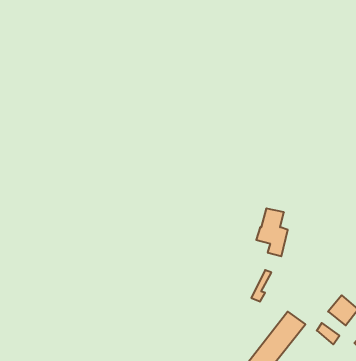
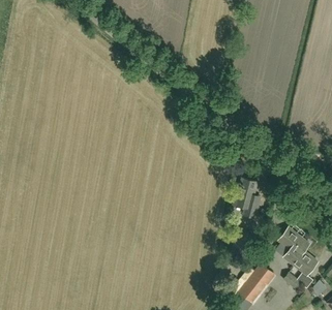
building: none -> [279,227,310,264]

